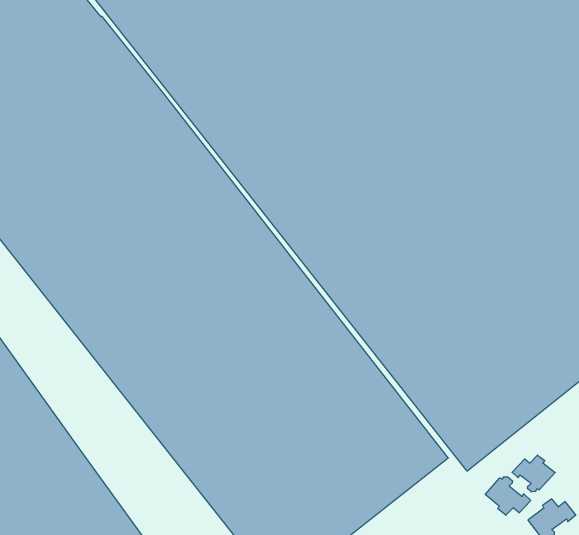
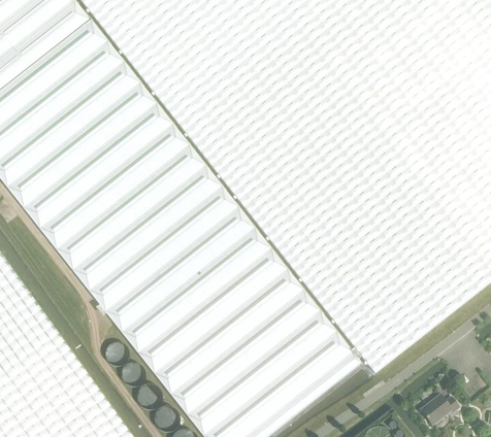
building: [512,455,555,492] -> none
building: [485,477,531,515] -> none

